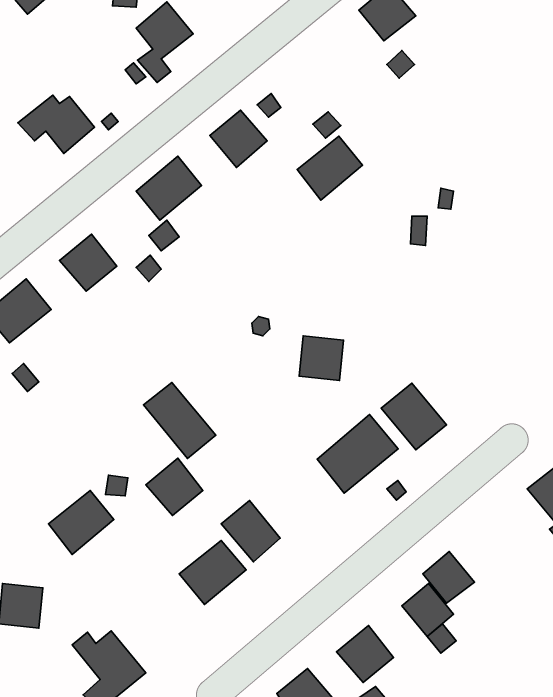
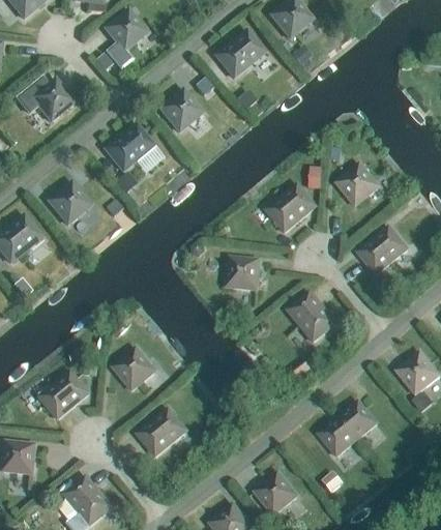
building: [297,136,363,200] -> [215,30,264,78]
building: none -> [336,164,379,206]
building: none -> [266,184,315,232]
building: none -> [357,227,407,274]
building: [143,383,216,459] -> none
building: [317,415,398,493] -> none
building: [221,501,280,562] -> none
building: [402,584,453,637] -> [337,401,376,440]

